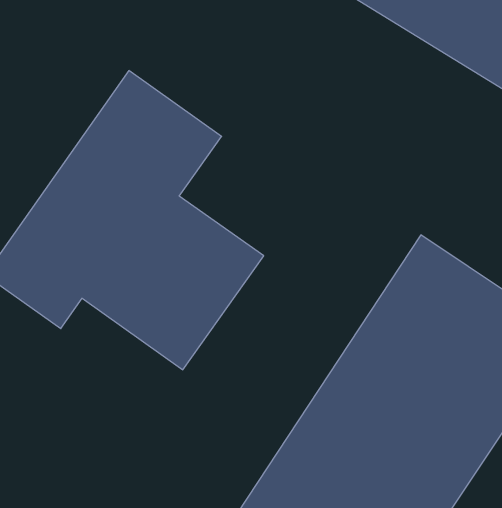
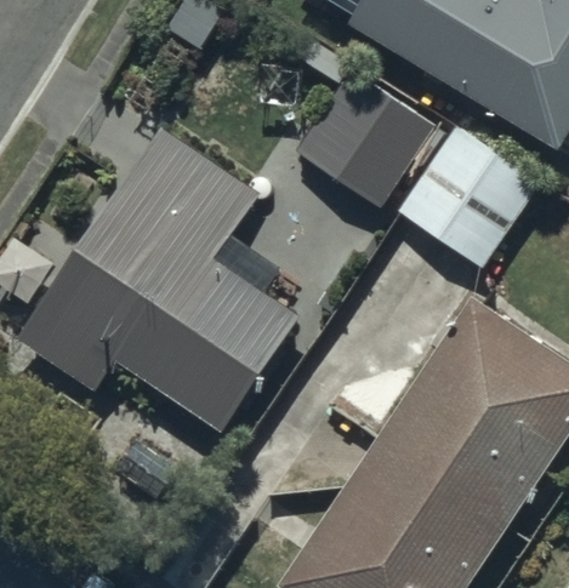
building: none -> [292,68,434,209]
building: none -> [397,125,537,266]

